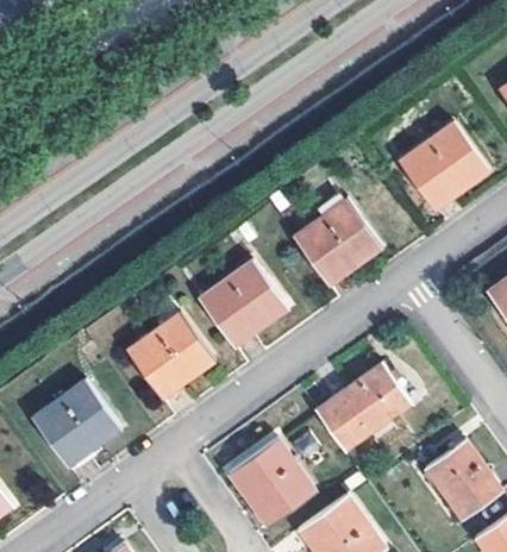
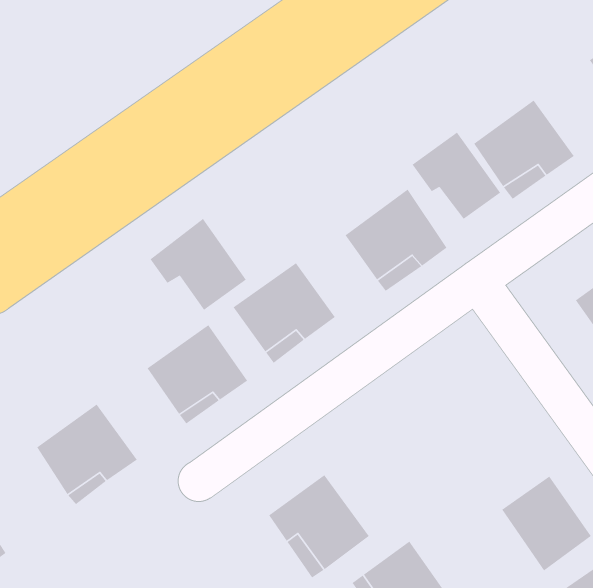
building: none -> [411,132,501,220]
building: none -> [149,218,247,311]
building: [315,364,411,451] -> none

